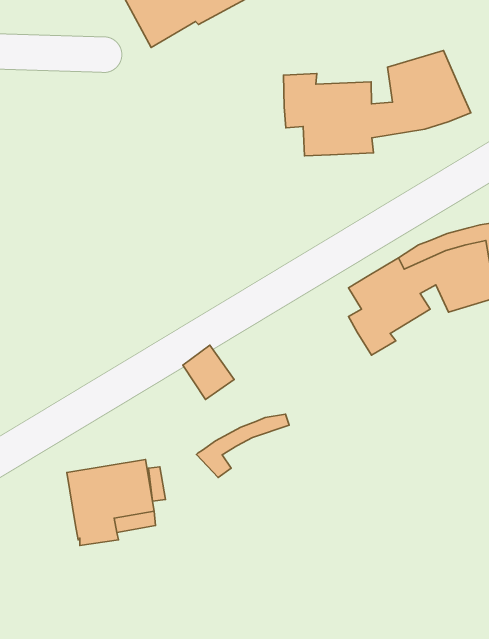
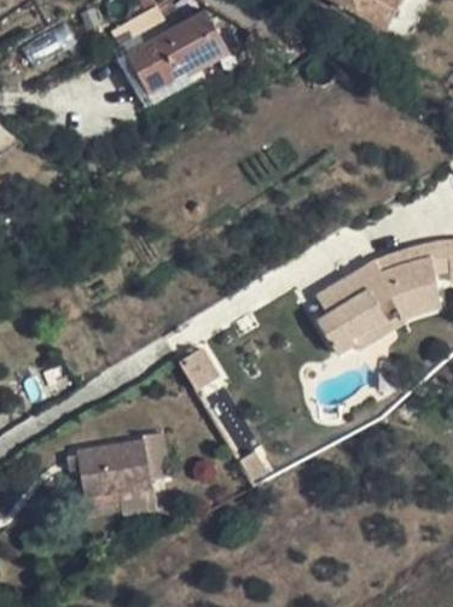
building: [283,50,471,156] -> none
building: [197,414,289,477] -> none

